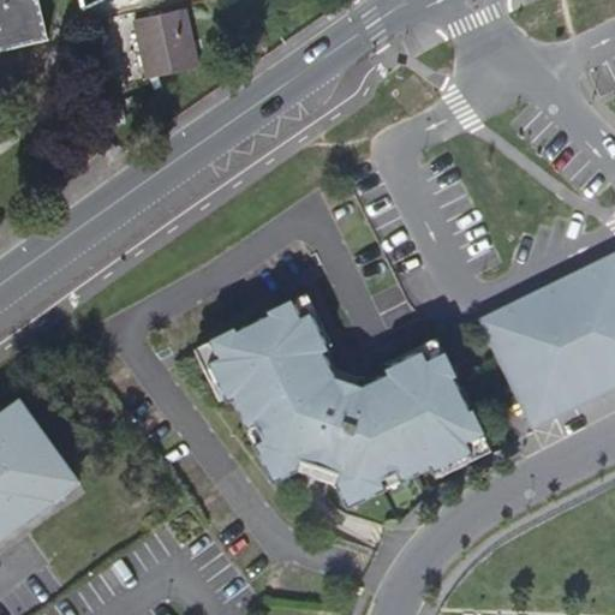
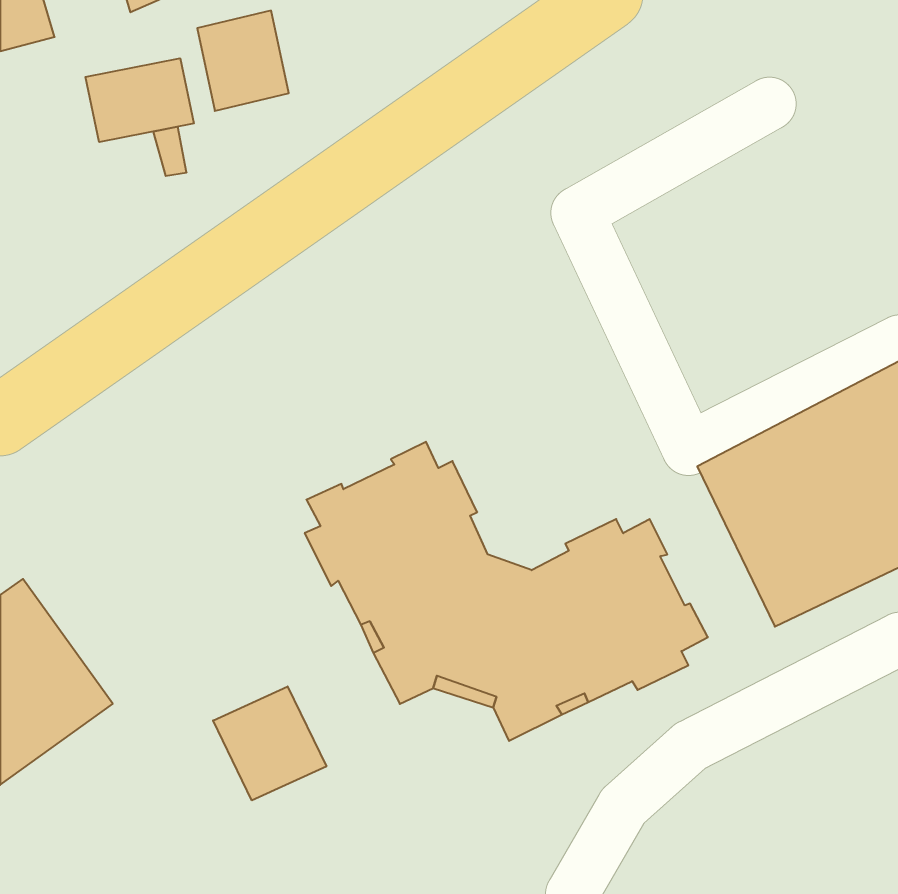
building: none -> [85,58,194,142]
building: none -> [213,686,326,800]

